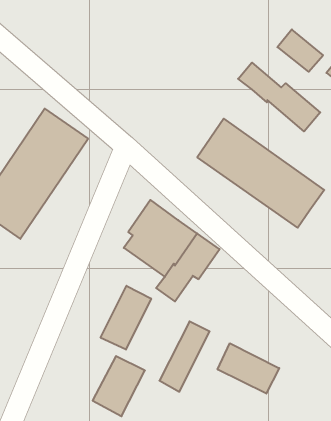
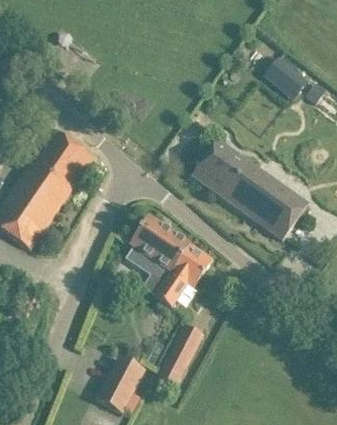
building: [238,63,320,131] -> none
building: [101,286,151,350] -> none
building: [218,343,279,394] -> none

